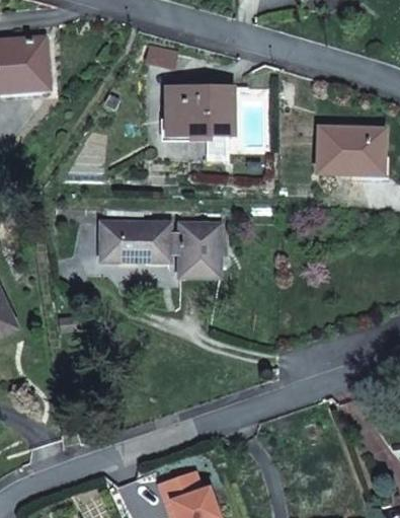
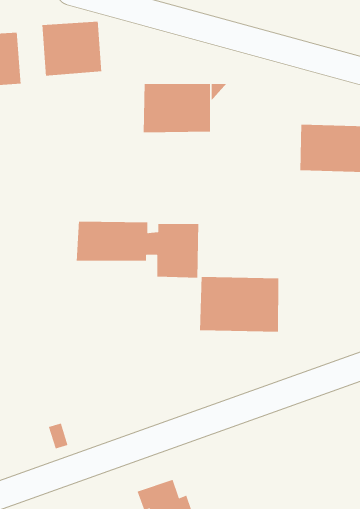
building: none -> [41,21,102,76]
building: none -> [199,276,279,332]

